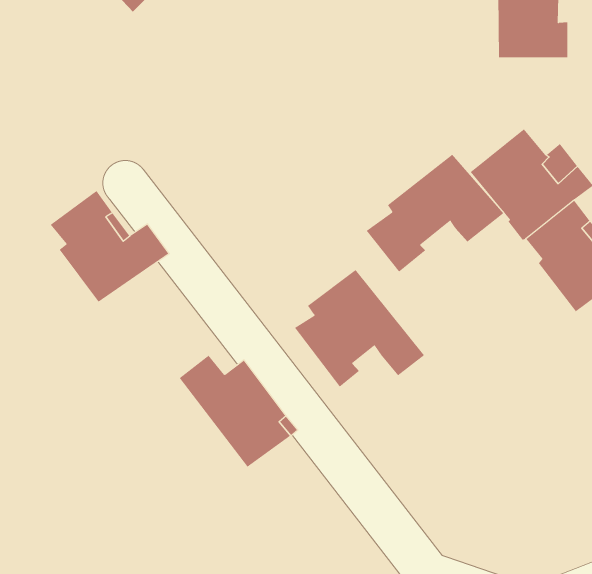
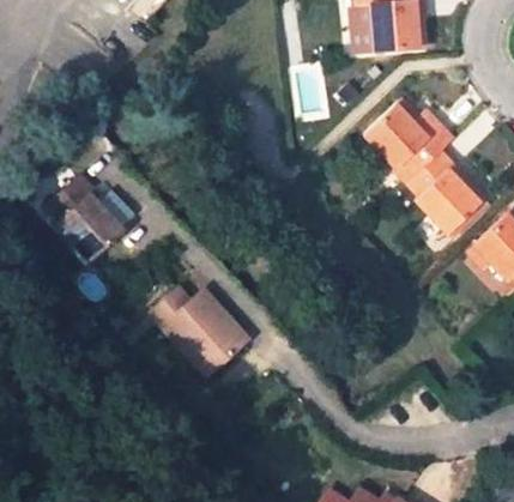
building: [366,154,504,272] -> none
building: [294,269,425,387] -> none

